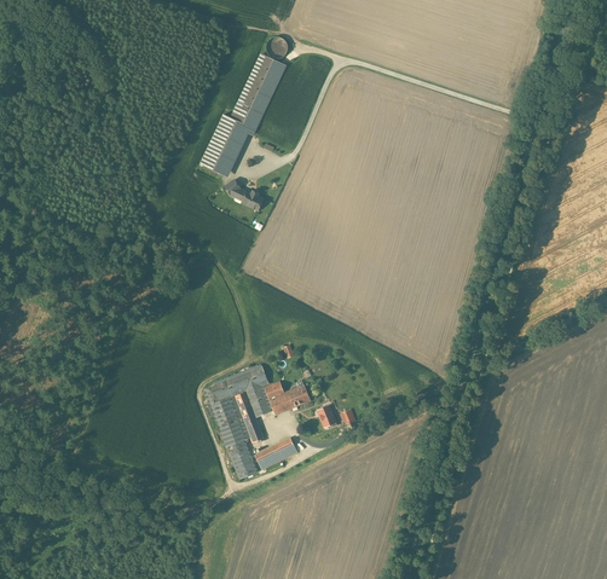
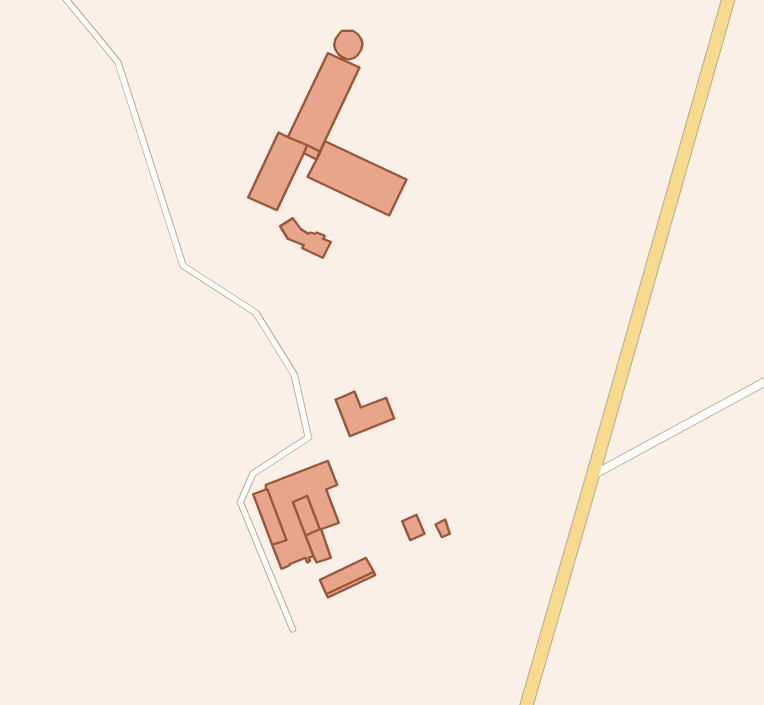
building: none -> [307,141,407,215]
building: [265,381,310,415] -> [336,392,394,436]
building: [227,444,258,480] -> none

